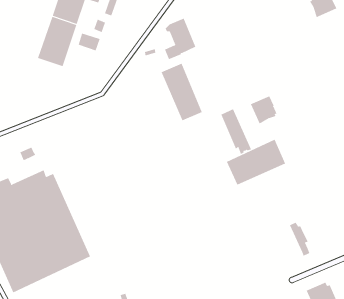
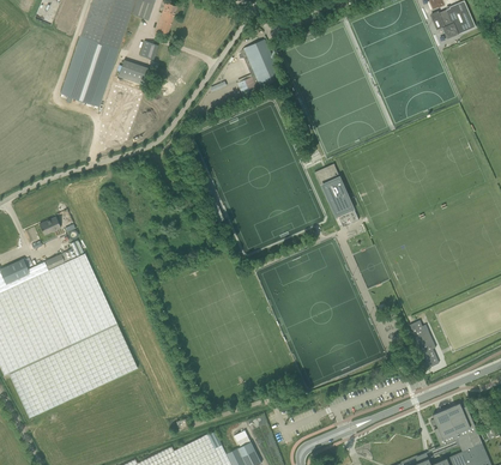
building: [161,63,203,121] -> none
building: [250,96,277,125] -> none
building: [226,139,286,186] -> none

